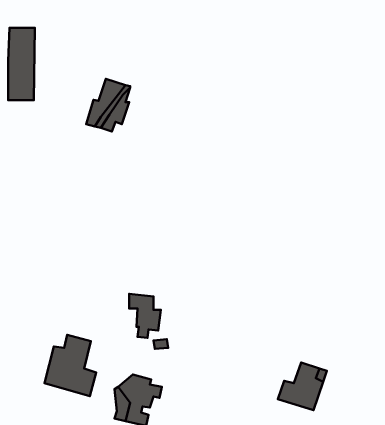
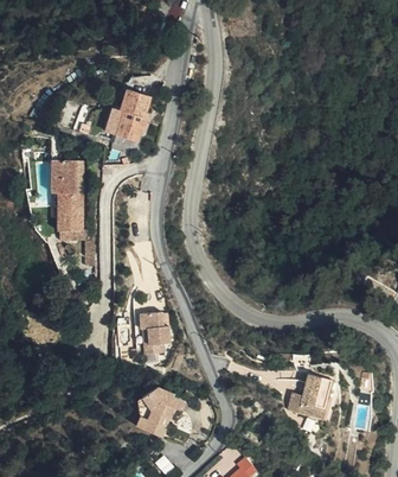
building: [8,28,35,100] -> [53,168,79,238]
building: [45,335,96,396] -> none

